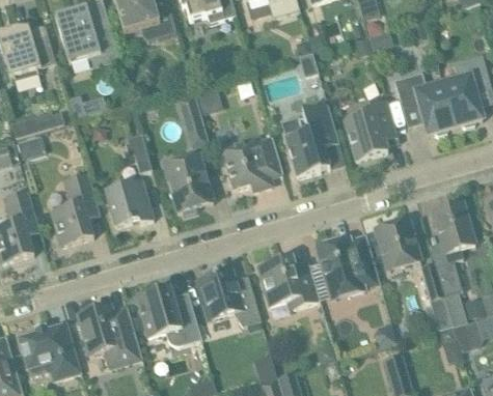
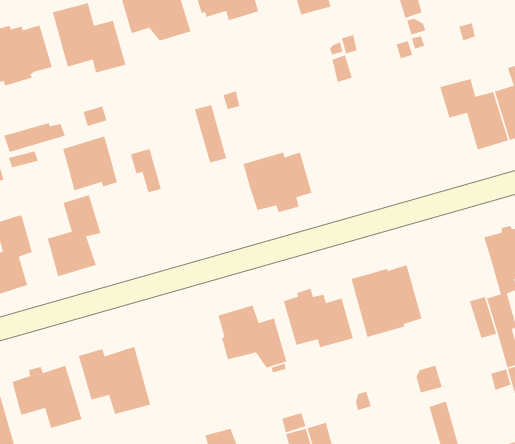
building: [344,100,396,160] -> none
building: [284,103,338,176] -> none
building: [163,153,211,211] -> none
building: [104,177,153,226] -> [62,135,118,191]
building: [375,219,419,270] -> none
building: [136,287,200,344] -> none

